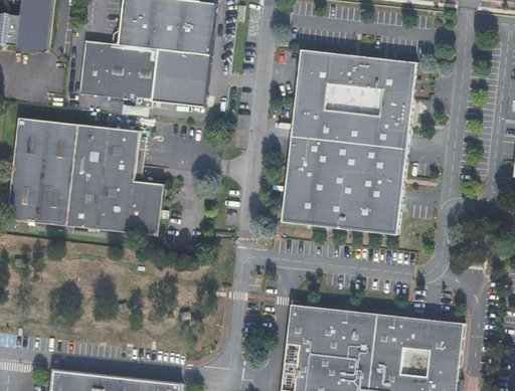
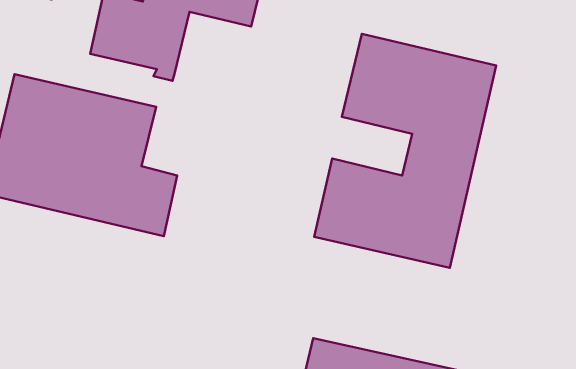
building: [151,49,209,108] -> none
building: [289,121,352,163] -> none

